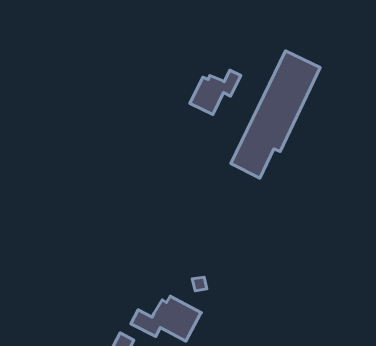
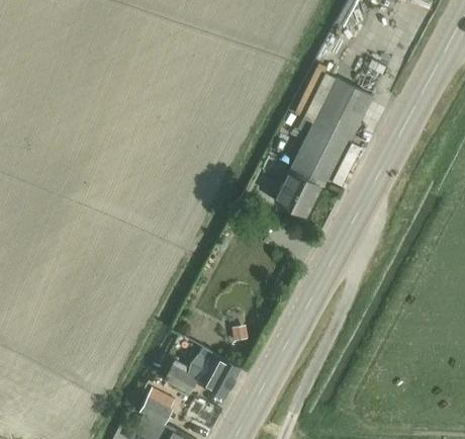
building: [190,70,241,114] -> none

